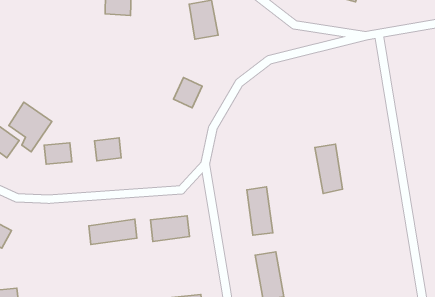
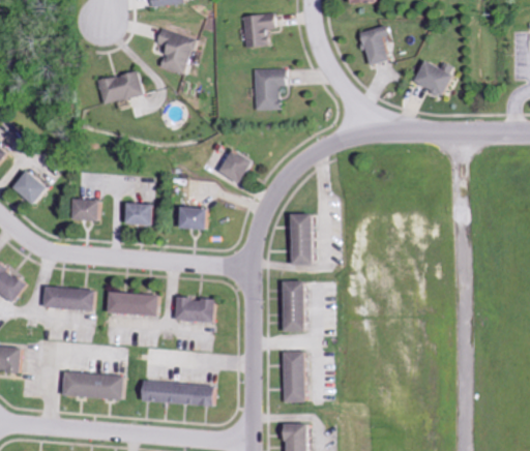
building: none -> [96,70,143,104]
building: [9,102,52,152] -> none
building: none -> [180,206,209,229]
building: [315,144,343,193] -> [290,213,313,264]
building: none -> [41,287,94,309]

